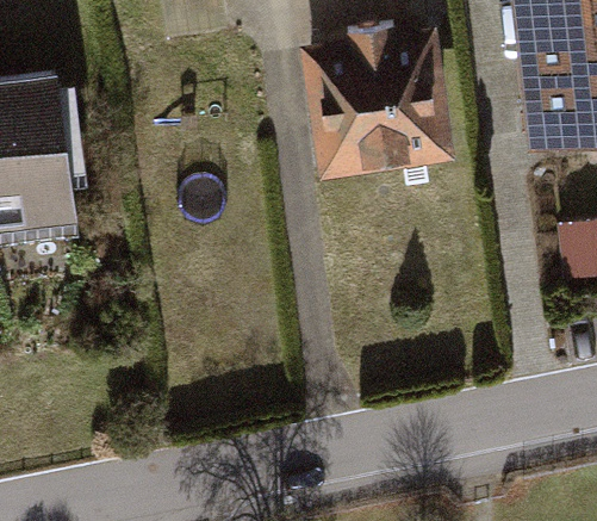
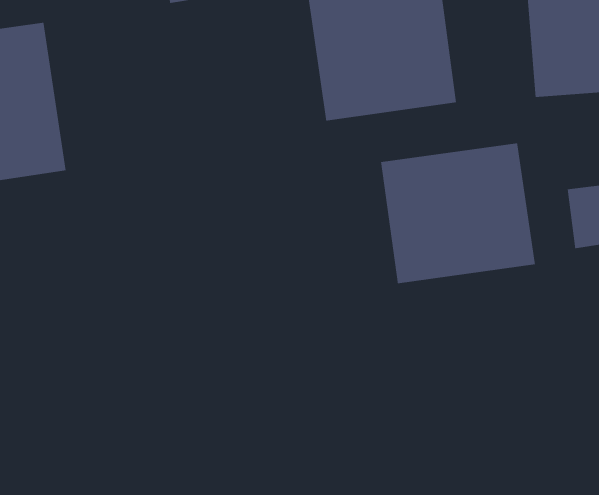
building: none -> [381,142,535,284]

